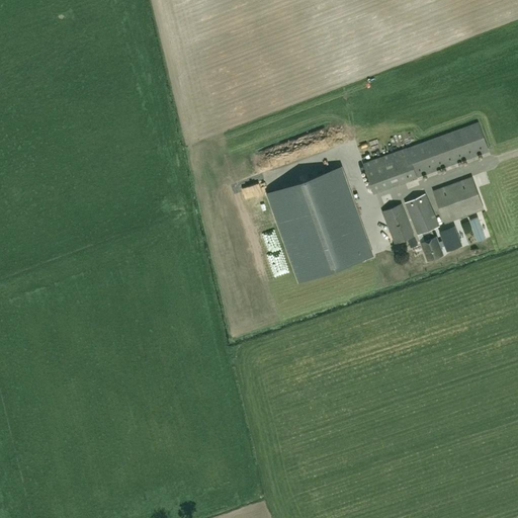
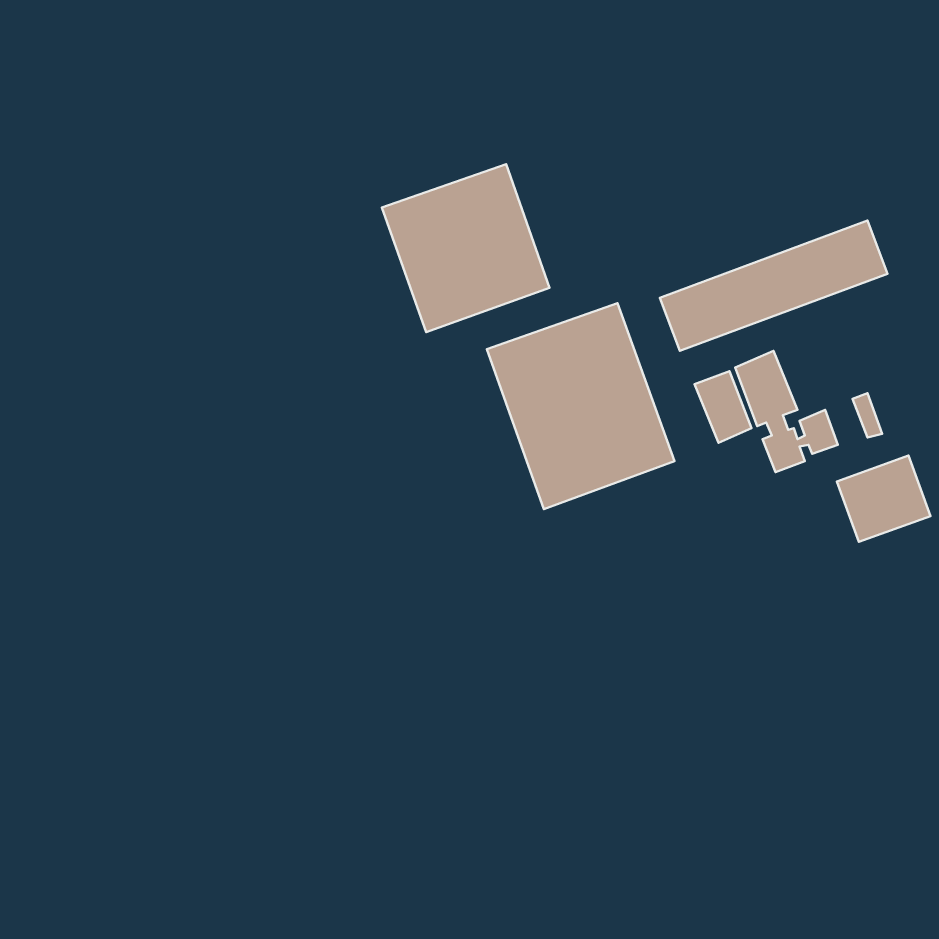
building: none -> [382,164,550,332]
building: [432,176,484,224] -> [837,456,930,542]

